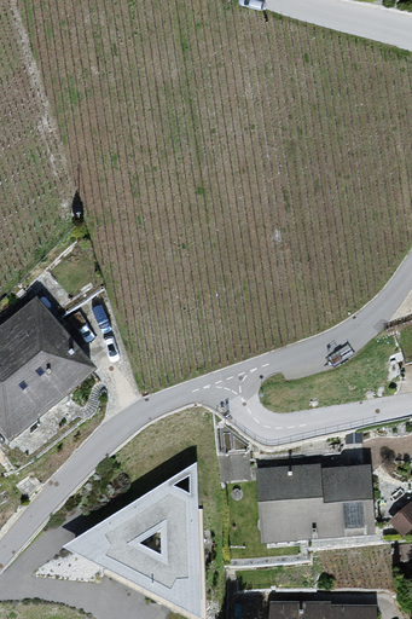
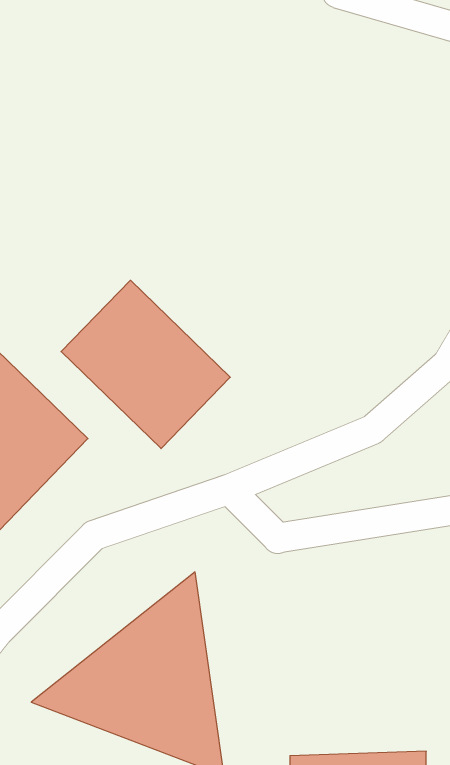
building: none -> [61,280,230,449]
building: [254,465,371,539] -> none

